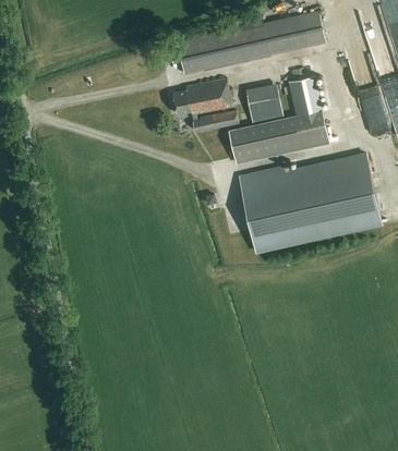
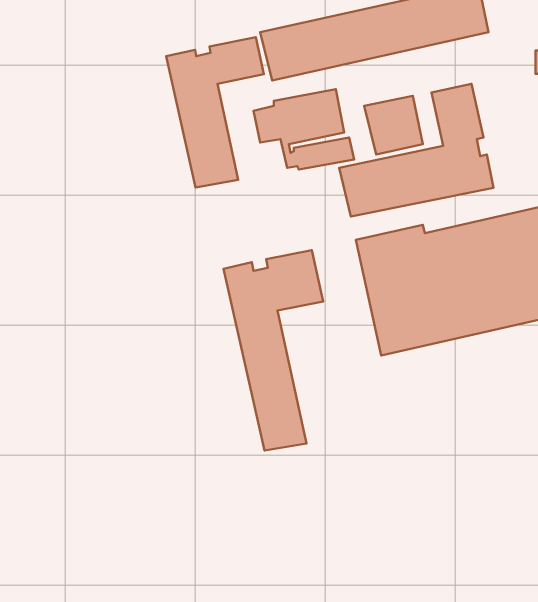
building: none -> [166,37,264,188]
building: none -> [223,250,323,450]

